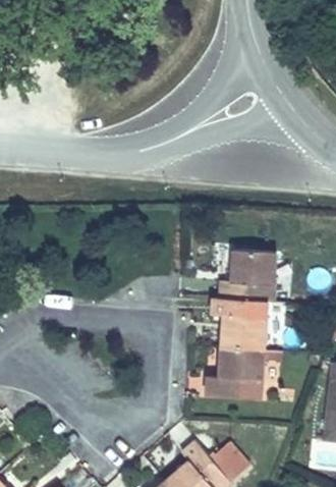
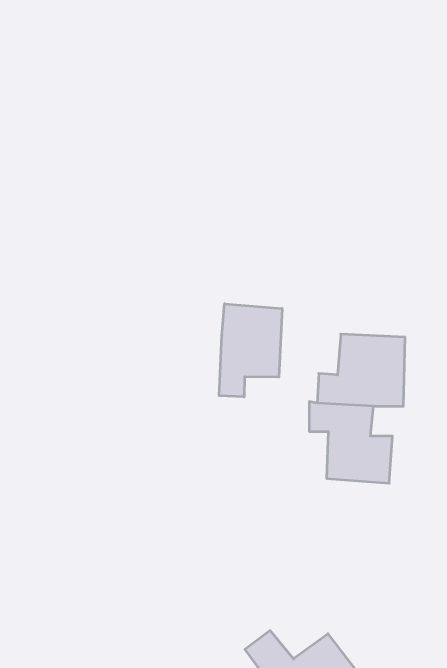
building: none -> [219,304,282,397]
building: [206,347,264,398] -> none

